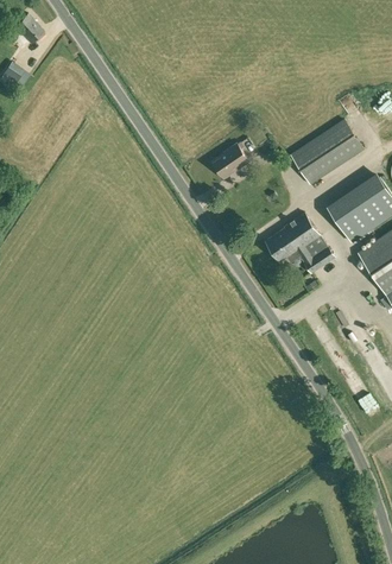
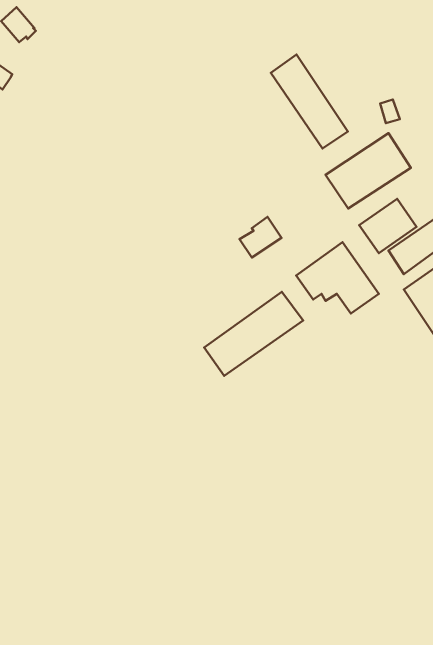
building: none -> [271,55,348,148]
building: [213,144,248,178] -> [239,217,281,257]
building: none -> [204,292,303,376]

